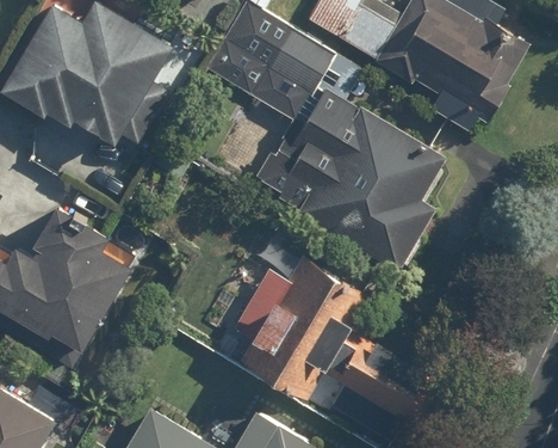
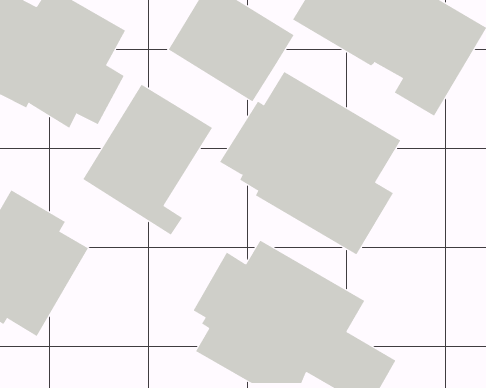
building: none -> [82,84,213,236]

